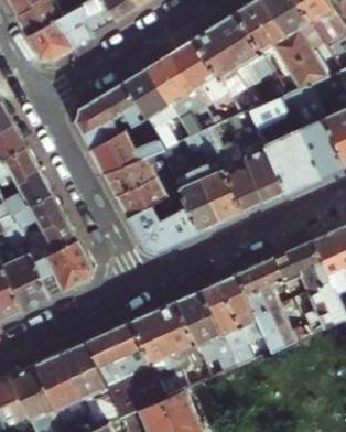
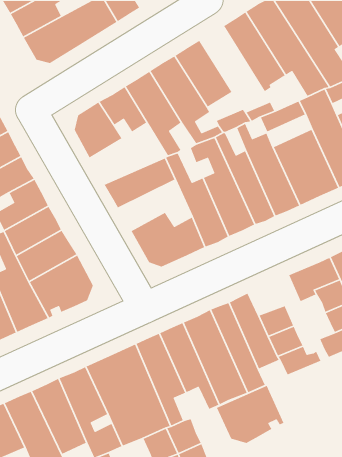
building: [192,25,252,99] -> none
building: [89,116,162,173] -> none
building: [116,169,179,216] -> none
building: [237,257,285,294] -> none
building: none -> [216,385,284,444]

